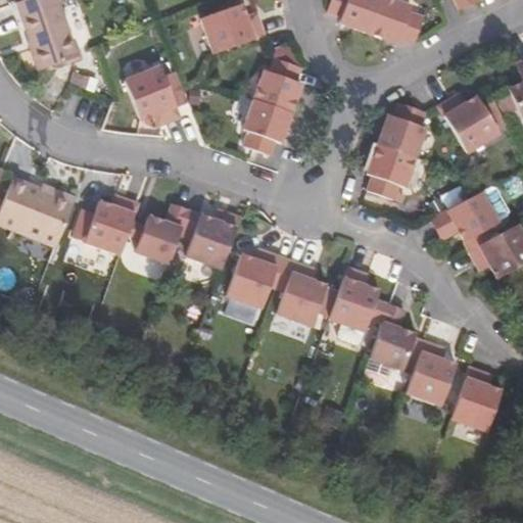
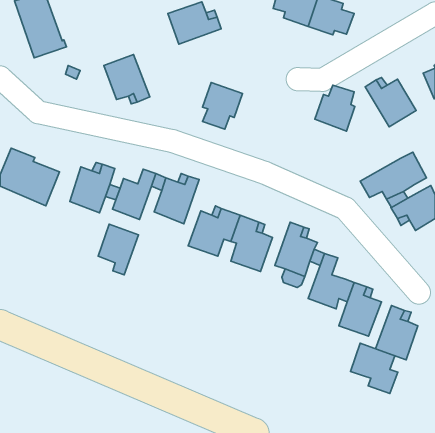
building: [253,56,302,112] -> none
building: [367,143,416,199] -> none
building: none -> [98,224,138,275]
building: none -> [350,343,398,393]

